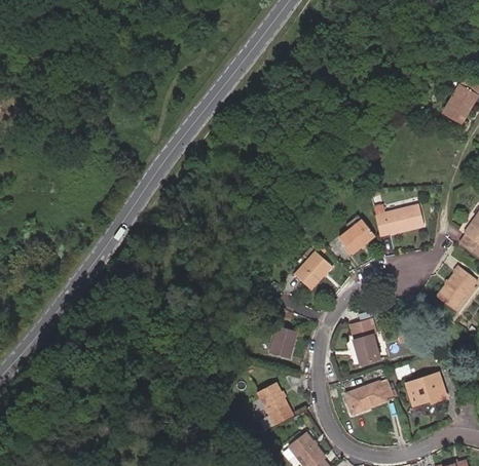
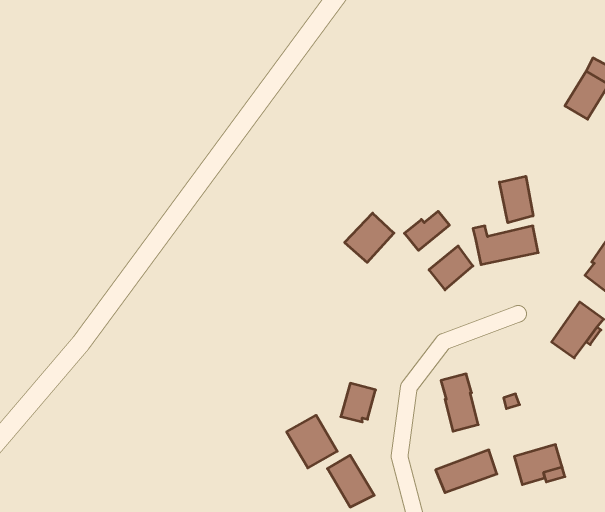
building: none -> [499,176,533,223]
building: none -> [404,211,449,250]
building: [295,250,333,288] -> [345,213,394,262]
building: none -> [287,415,337,468]

